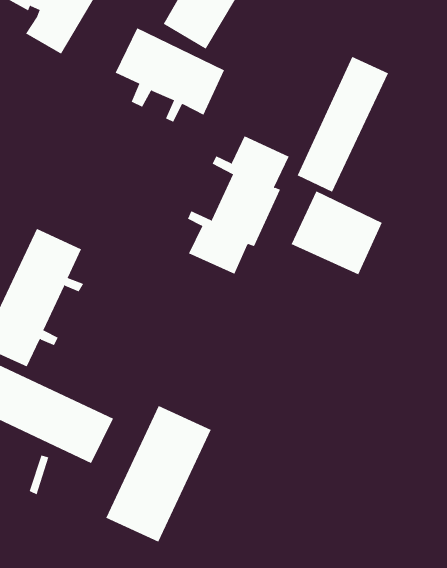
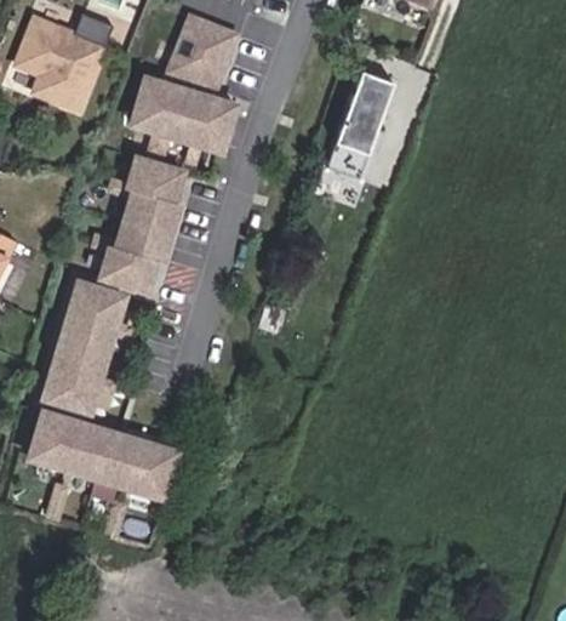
building: [187,135,290,274] -> [95,155,183,289]
building: [291,191,383,275] -> none
building: [105,405,211,542] -> none

